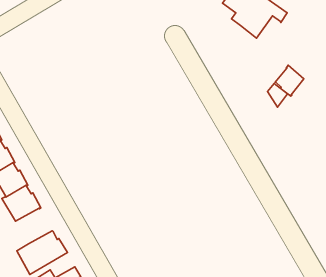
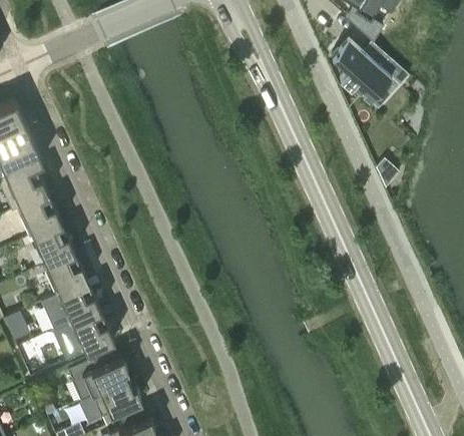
building: [275,65,304,96] -> none
building: none -> [40,283,101,332]

